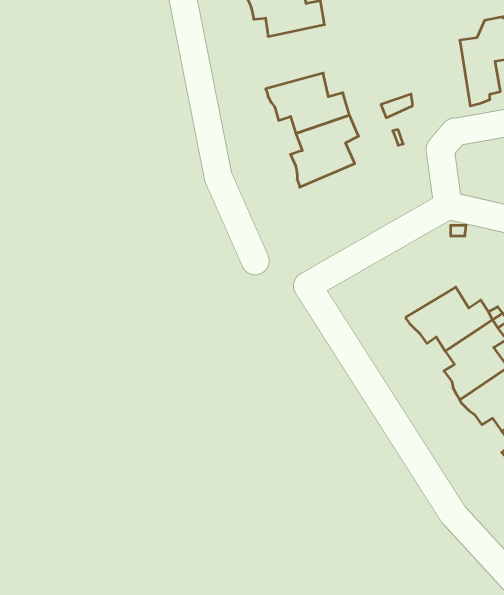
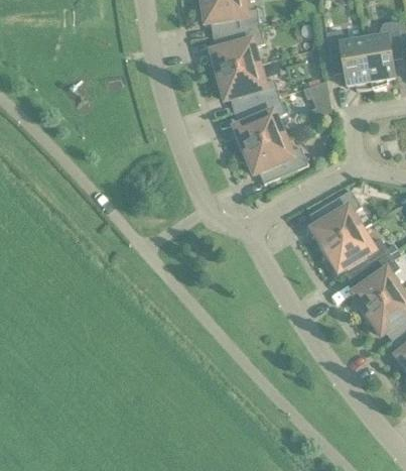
building: none -> [211,25,263,75]
building: none -> [324,29,371,89]
building: none -> [240,132,307,181]
building: none -> [311,189,360,250]

